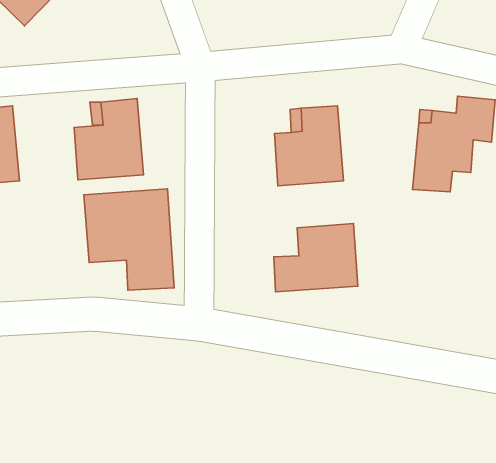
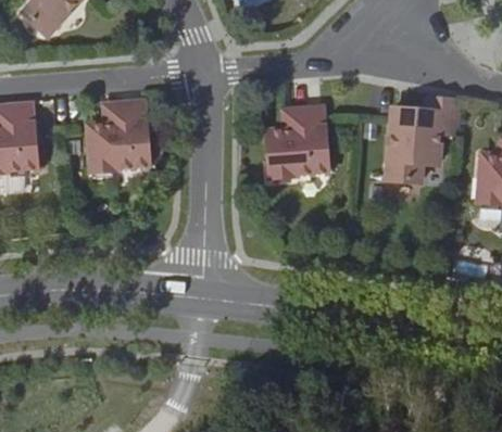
building: [84,189,174,290] -> none
building: [274,223,358,292] -> none

